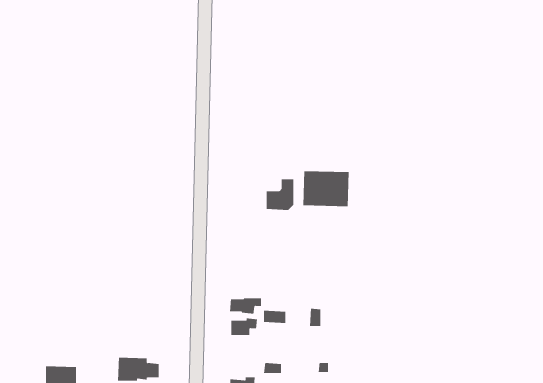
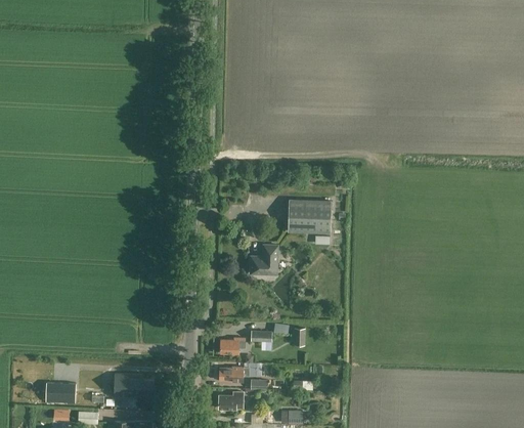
building: [266,179,294,210] -> [250,245,276,274]
building: [229,298,262,314] -> [218,367,249,382]

